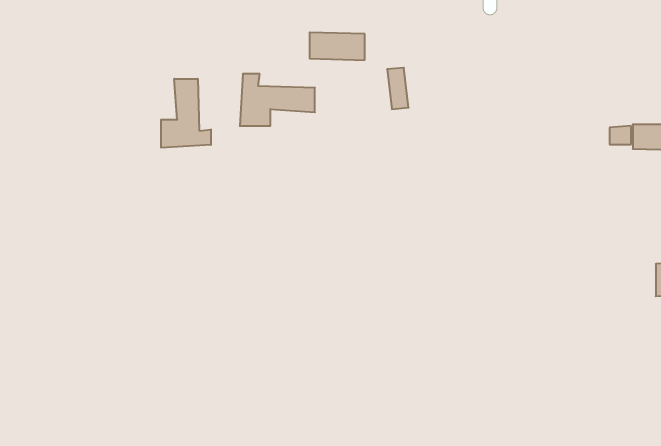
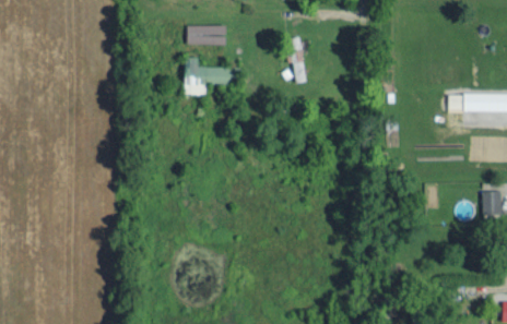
building: [310,32,365,60] -> [188,24,227,44]
building: [161,79,211,148] -> none

